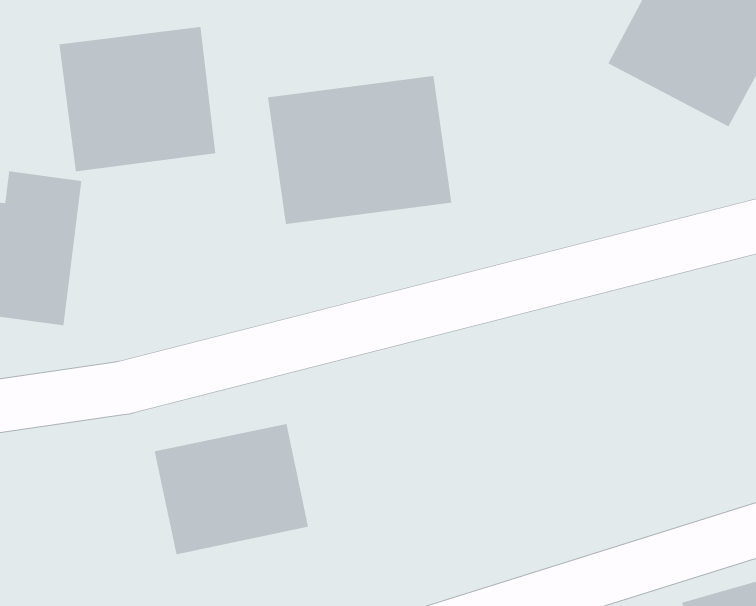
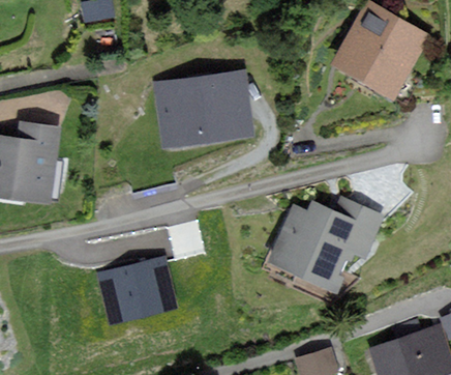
building: [59,26,216,172] -> none
building: none -> [269,198,383,289]

